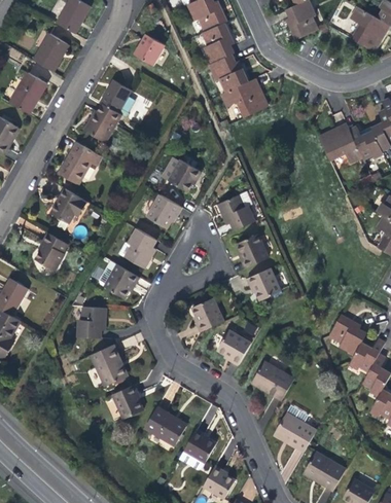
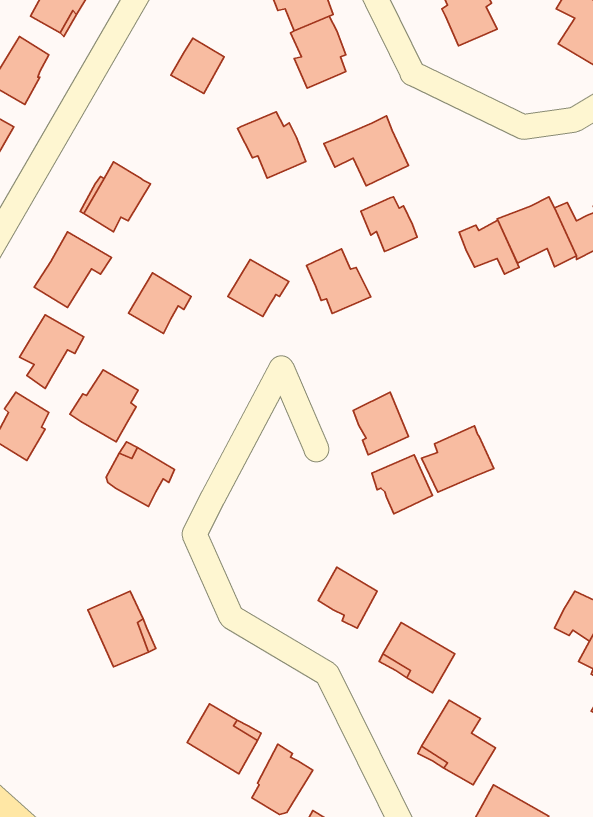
building: [209,55,247,92] -> [238,112,306,178]
building: [101,80,134,118] -> none
building: none -> [361,197,417,252]
building: none -> [459,220,519,274]
building: [146,193,181,227] -> [128,273,191,334]
building: [219,194,255,230] -> [306,249,371,314]
building: [118,227,156,267] -> [70,370,138,442]
building: none -> [422,426,494,492]
building: [191,297,222,331] -> none
building: [77,306,105,337] -> none
building: [328,315,365,354] -> none
building: [110,385,142,419] -> none

